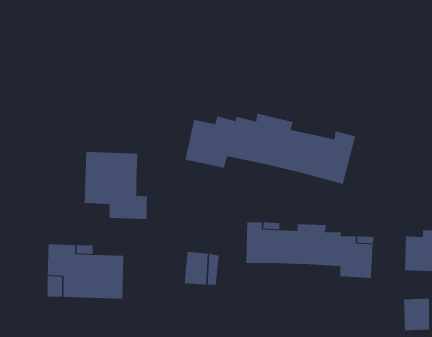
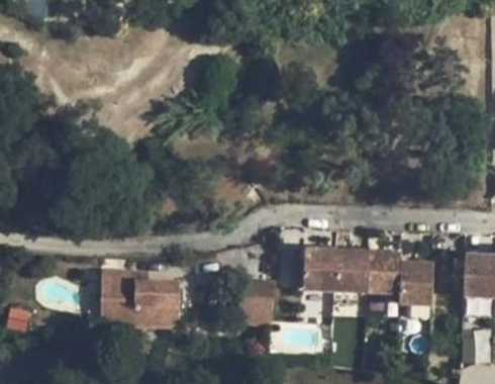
building: [185,113,356,185] -> none
building: [84,151,147,220] -> none

